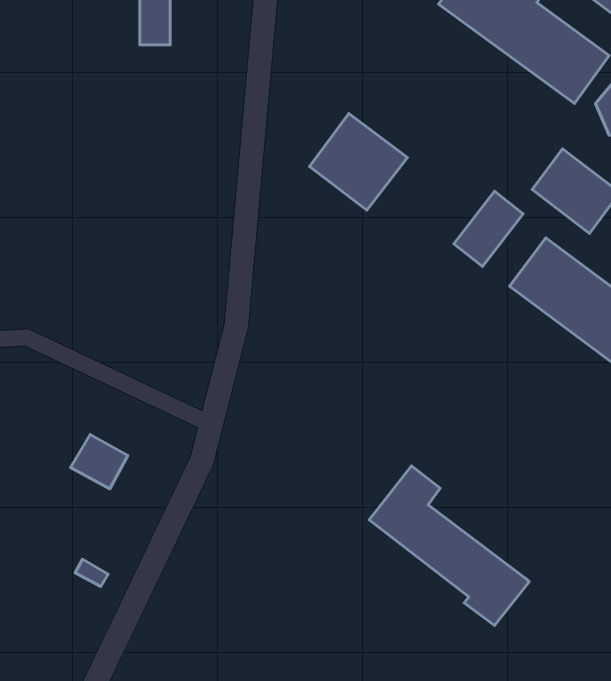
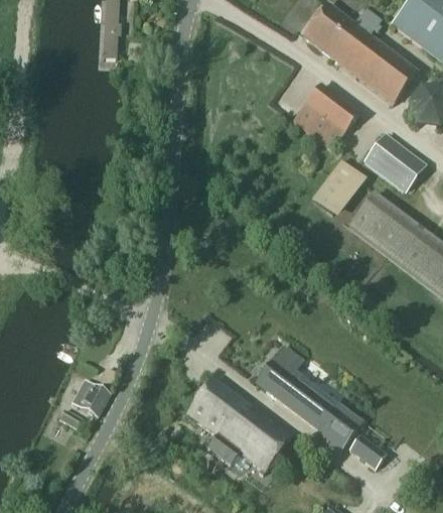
building: [310,114,408,210] -> [293,85,358,149]
building: [71,434,128,489] -> [71,378,110,414]
building: none -> [188,376,291,474]
building: none -> [349,434,386,468]

